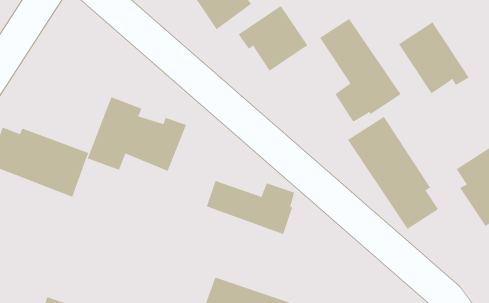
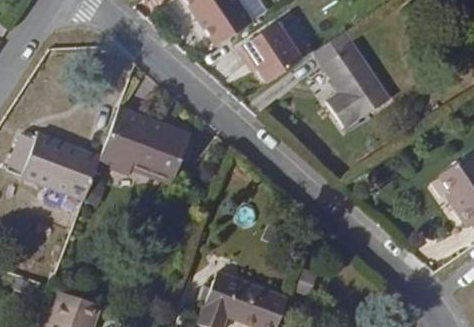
building: [398,21,469,94] -> none
building: [347,116,439,230] -> none
building: [206,180,295,235] -> none

